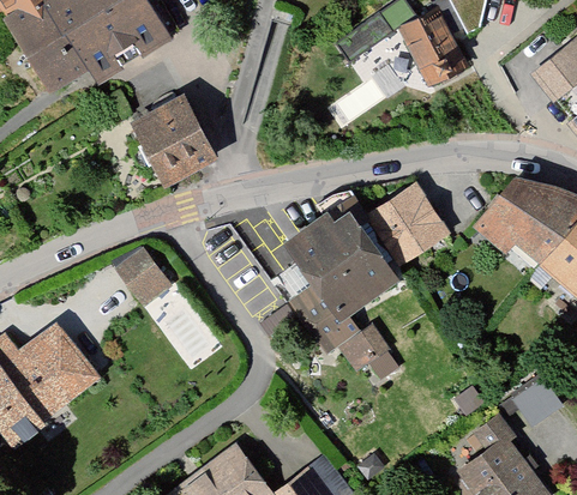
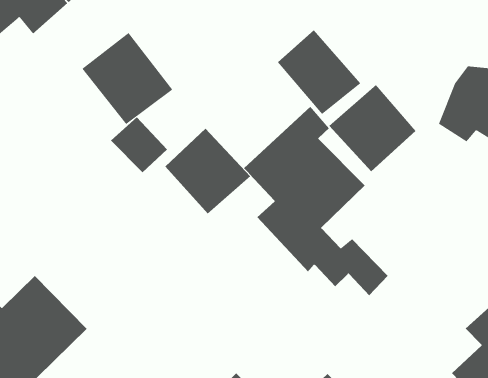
building: none -> [277,29,361,115]
building: none -> [165,128,251,214]
building: [121,249,175,304] -> [110,117,168,173]

